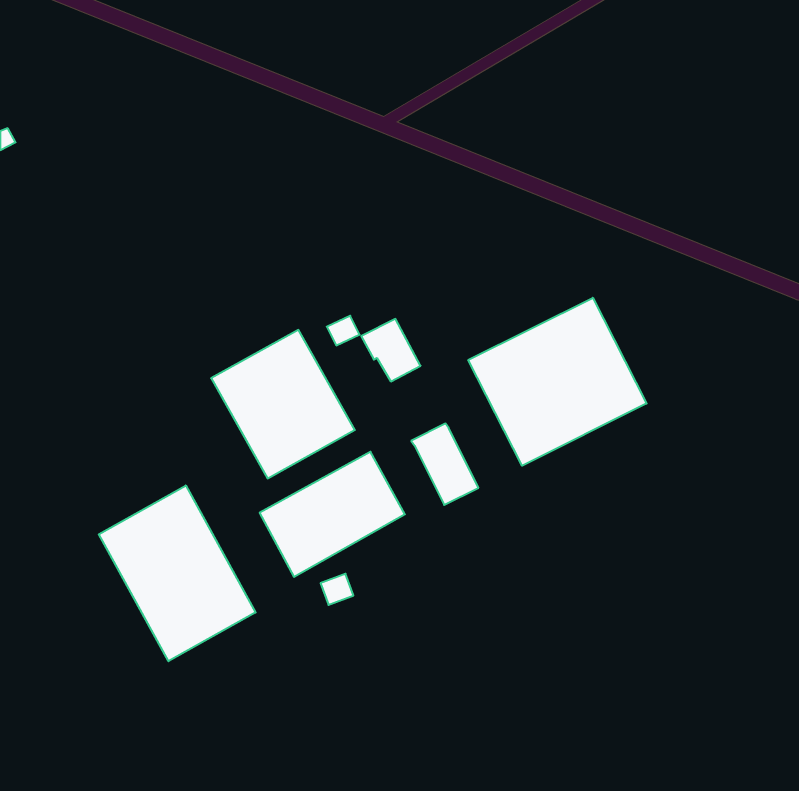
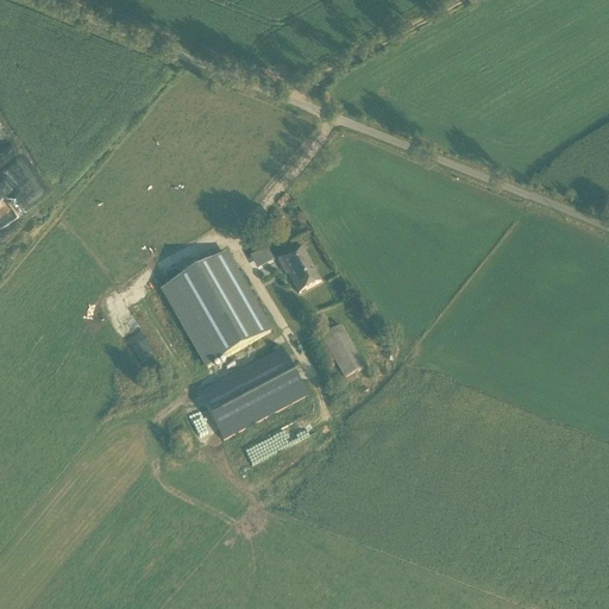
building: [468,298,647,466] -> none
building: [99,485,256,661] -> none

